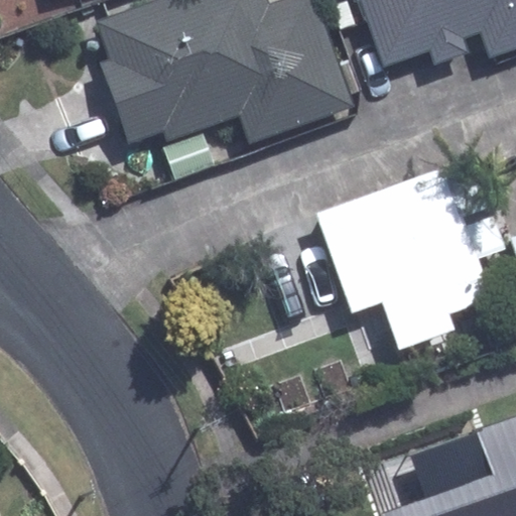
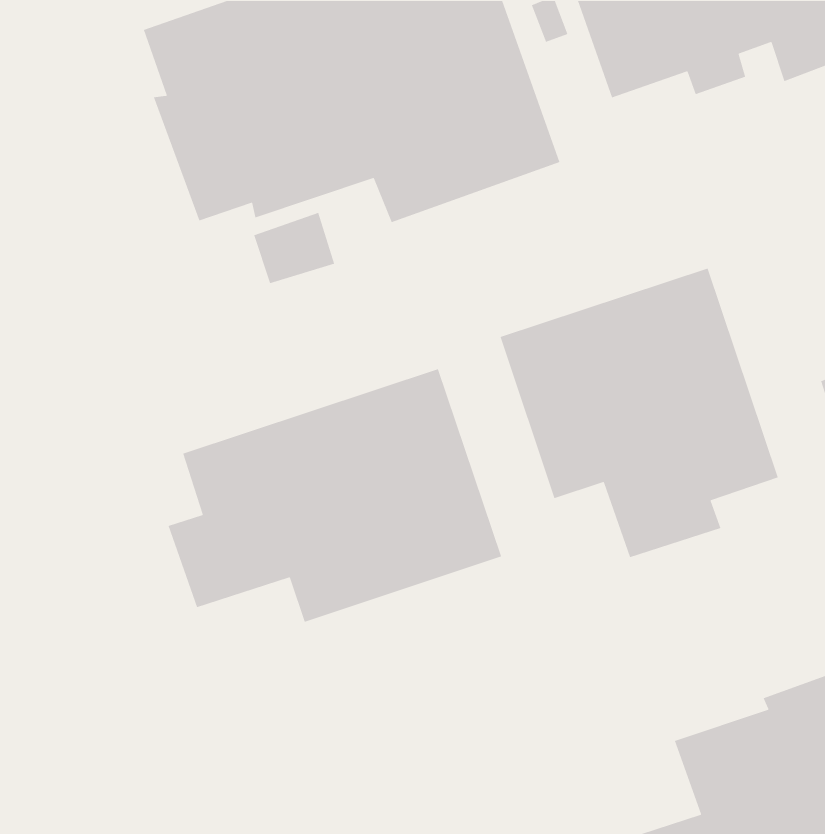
building: none -> [167,368,502,623]

